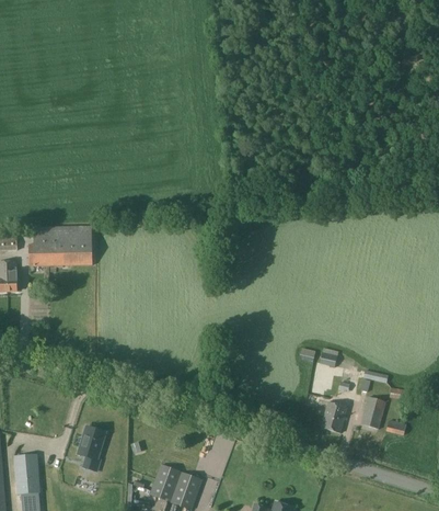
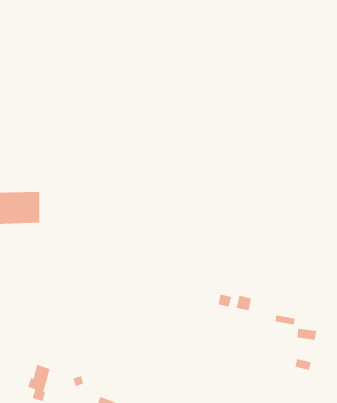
building: [361,397,385,429] -> none
building: [321,401,348,434] -> none

